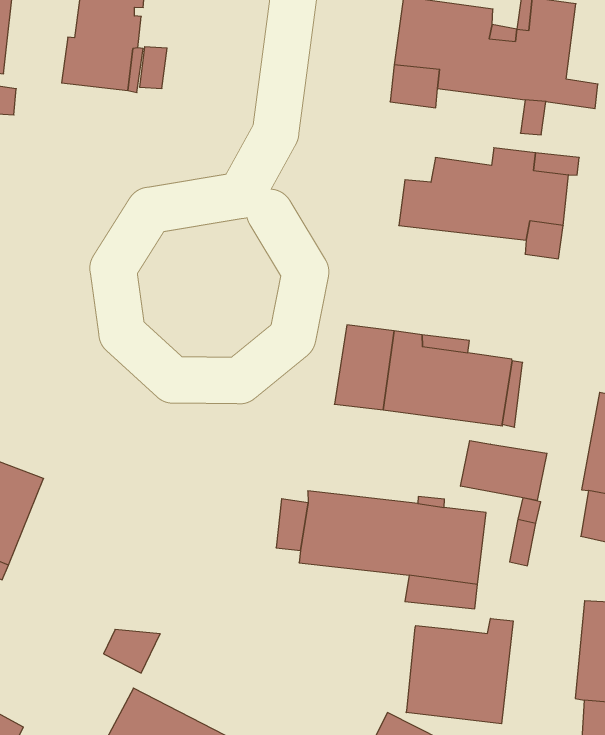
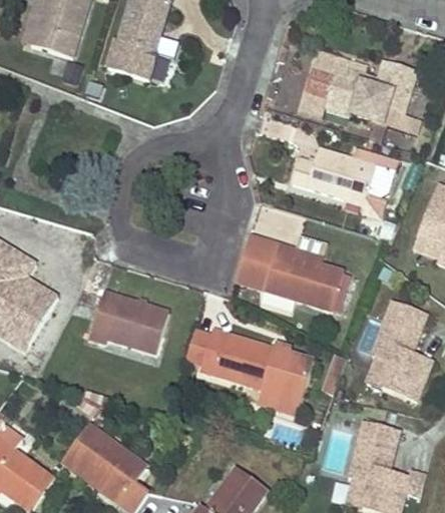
building: [461,441,547,500] -> none
building: none -> [89,291,168,352]
building: [406,618,513,724] -> none

